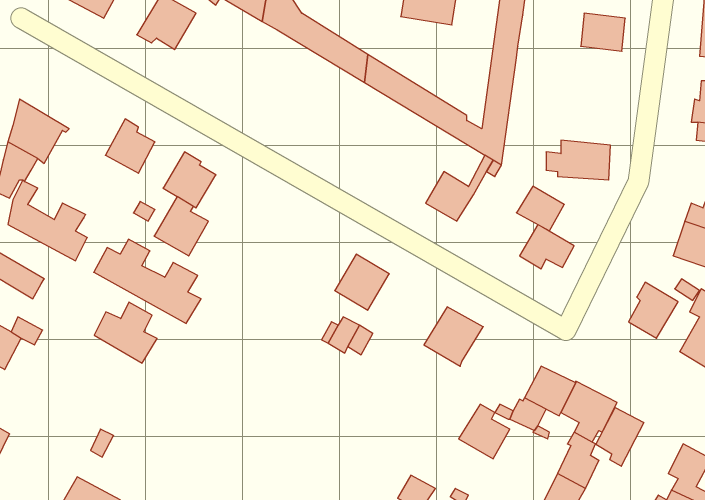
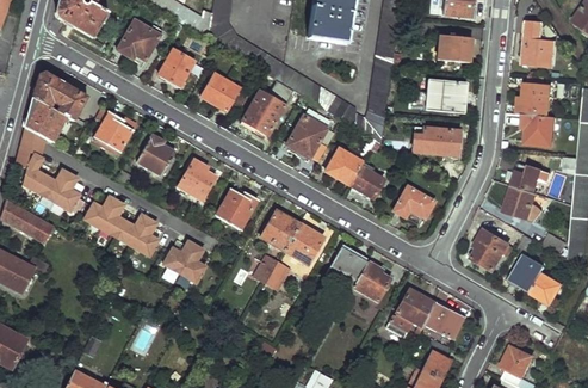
building: none -> [157,48,193,85]
building: none -> [32,70,87,119]
building: none -> [200,73,239,110]
building: none -> [426,78,465,111]
building: none -> [242,90,285,134]
building: none -> [286,115,326,160]
building: [516,186,564,231] -> [348,165,383,197]
building: [154,197,208,256] -> [177,156,216,199]
building: none -> [215,186,255,227]
building: none -> [284,222,323,263]
building: [94,302,157,363] -> [166,240,211,284]
building: [459,404,510,459] -> [352,260,389,300]
building: [596,408,644,466] -> none

